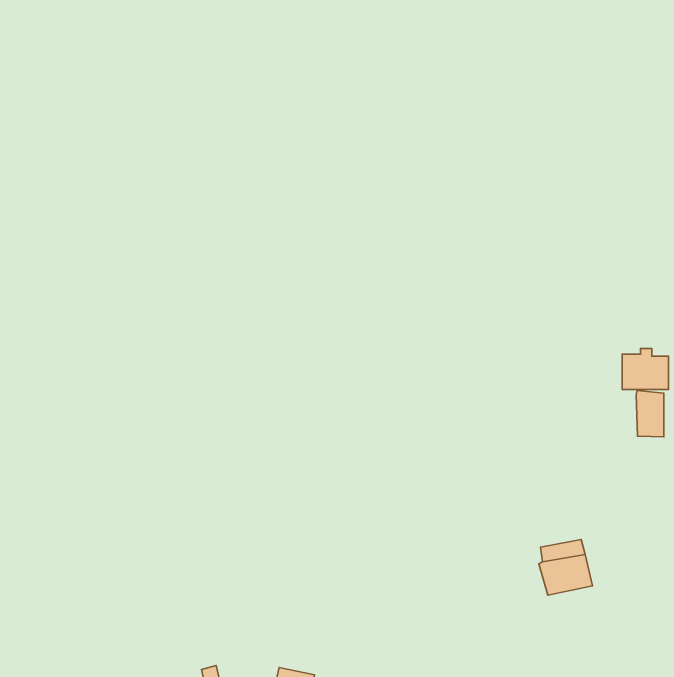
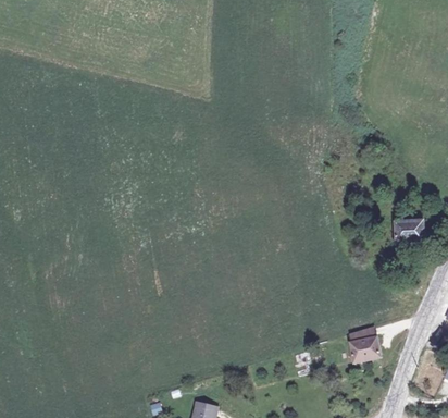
building: [636,390,664,437] -> none

